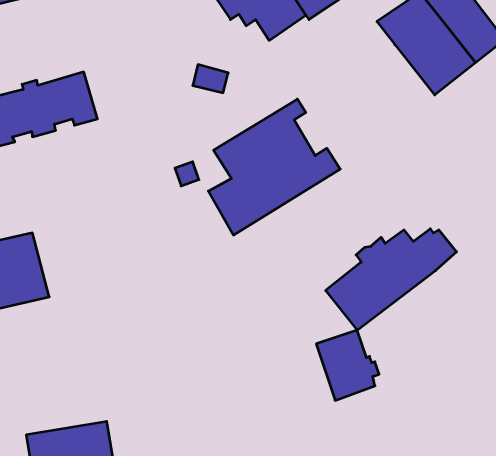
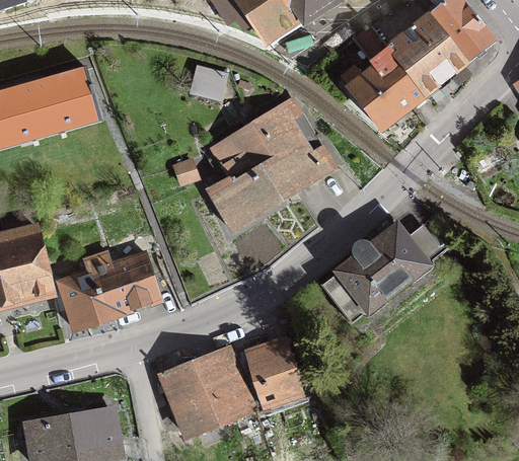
building: none -> [343,25,426,131]
building: none -> [57,252,160,328]
building: [316,330,379,400] -> [245,339,306,407]
building: none -> [154,351,254,437]

